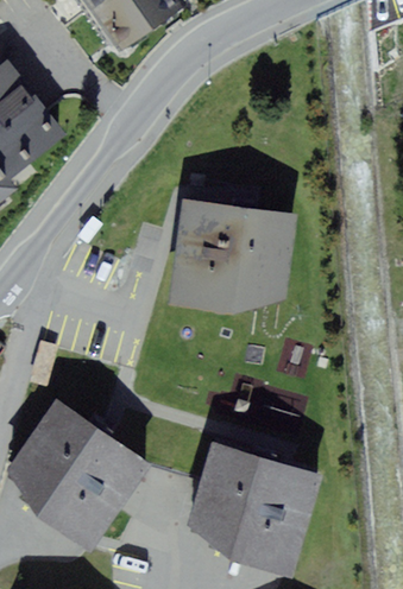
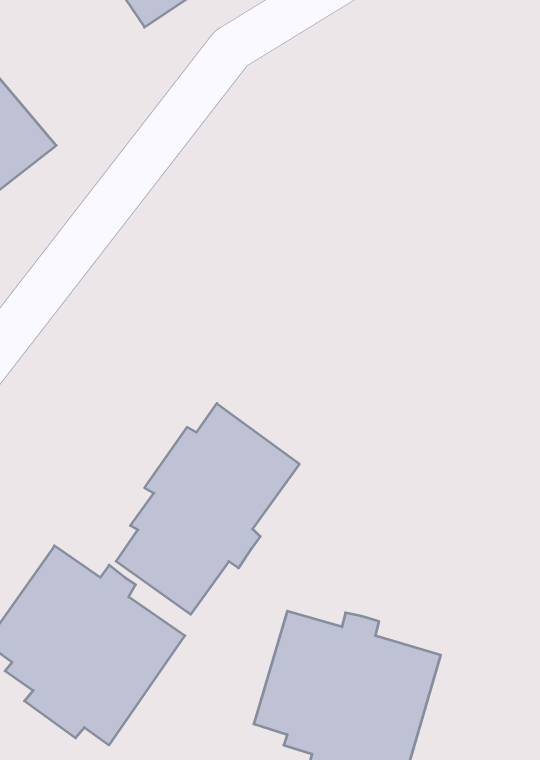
building: [175,198,291,308] -> none
building: none -> [116,403,299,614]

